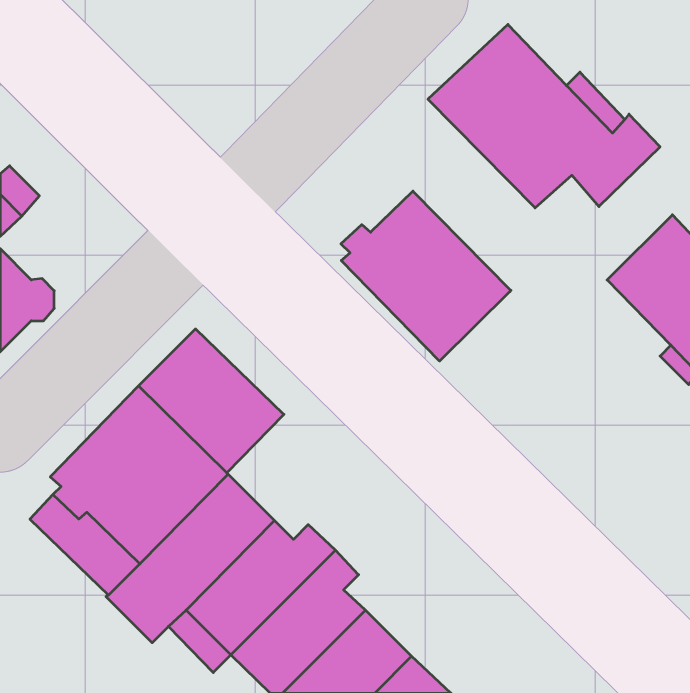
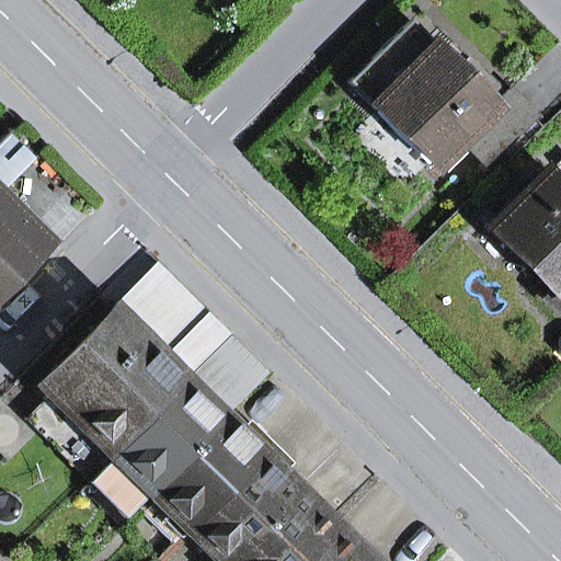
building: [341,191,511,361] -> none

